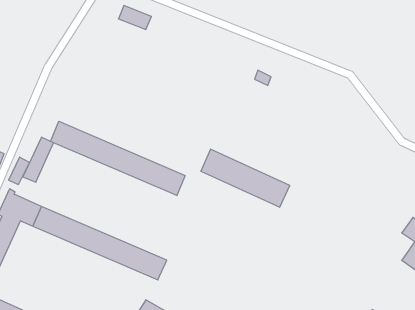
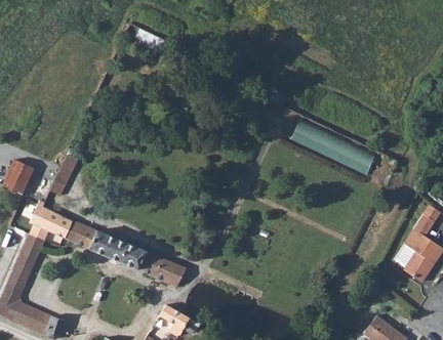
building: [50,121,185,196] -> none
building: [201,149,290,207] -> [289,120,372,174]

